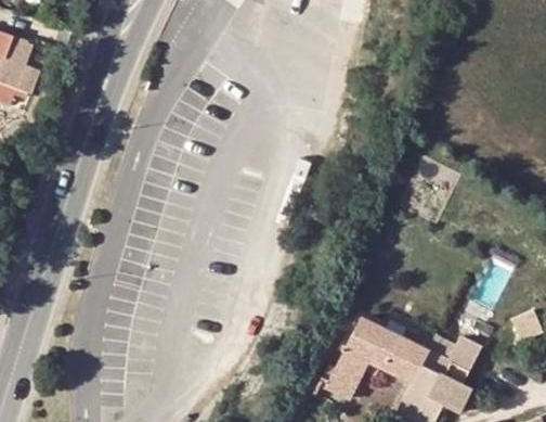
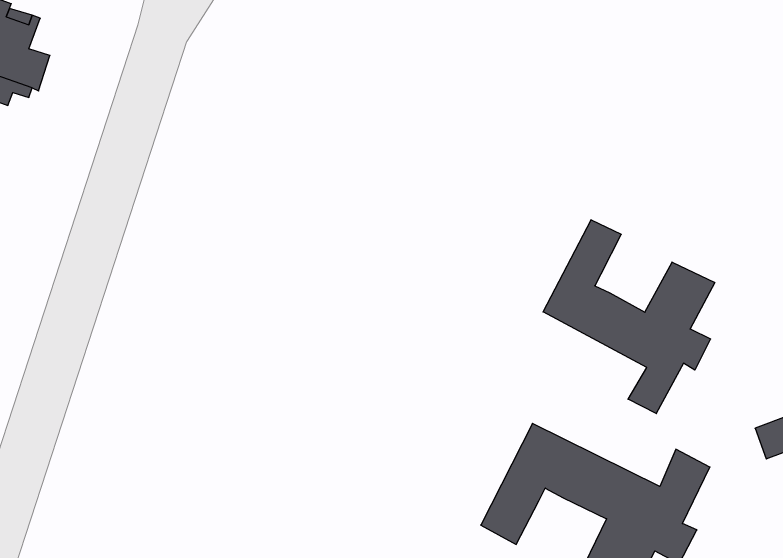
building: none -> [543,220,715,414]

